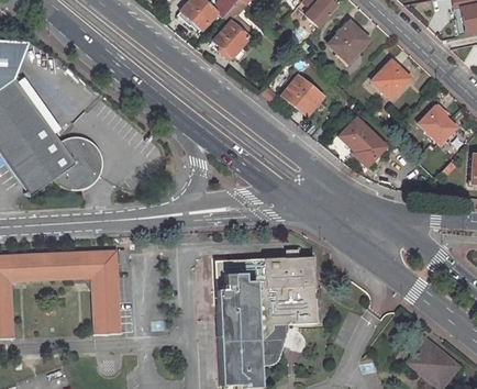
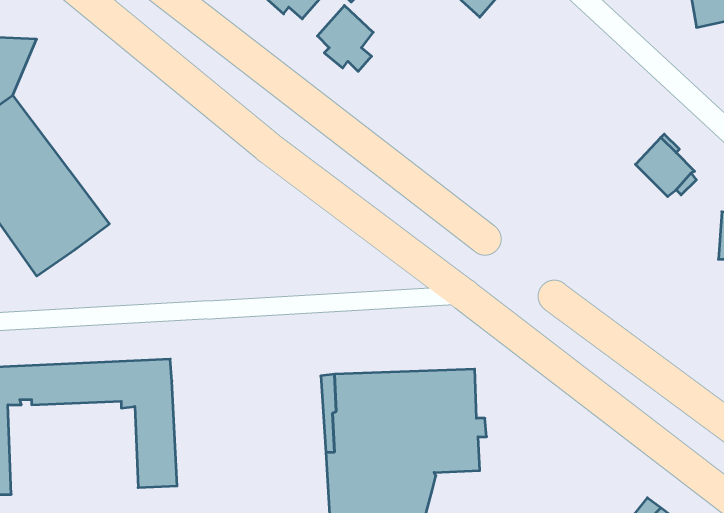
building: [330,23,369,62] -> none
building: [370,63,409,100] -> none
building: [282,73,323,112] -> none
building: [339,116,387,166] -> none
building: [55,140,103,191] -> none

